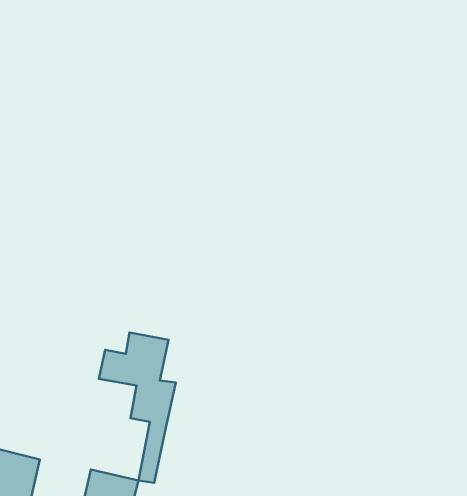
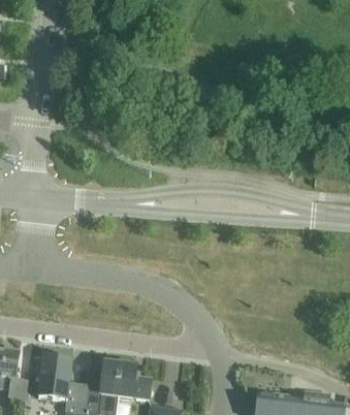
building: [99,333,176,483] -> none

